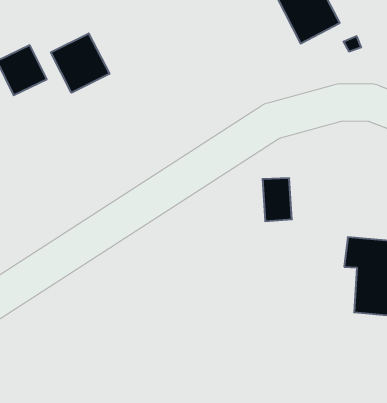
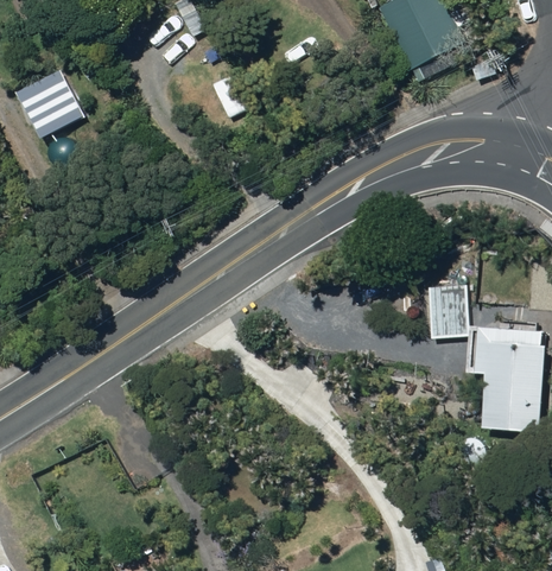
building: [51,33,109,93] -> none
building: [262,178,292,221] -> [429,281,468,338]

